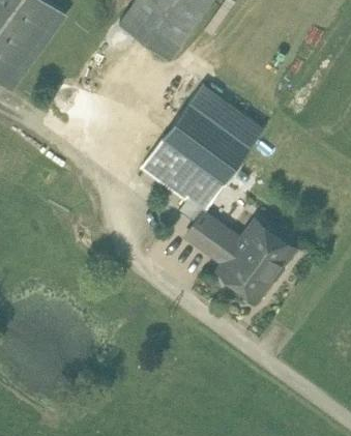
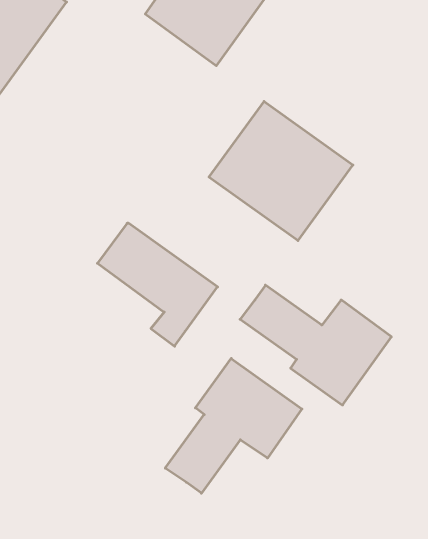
building: [141,139,225,225] -> [97,223,218,346]
building: none -> [165,358,302,493]

